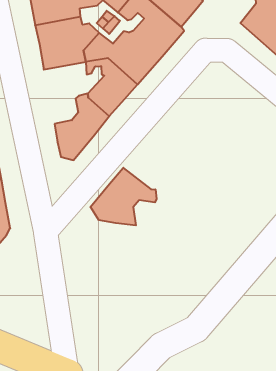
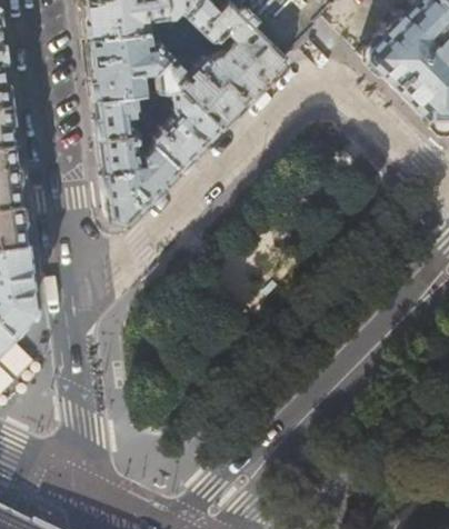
building: none -> [96,96,152,176]
building: [90,168,157,225] -> none

